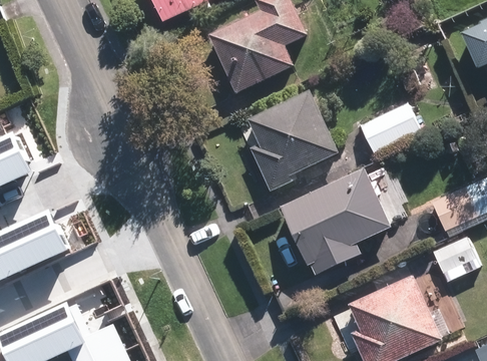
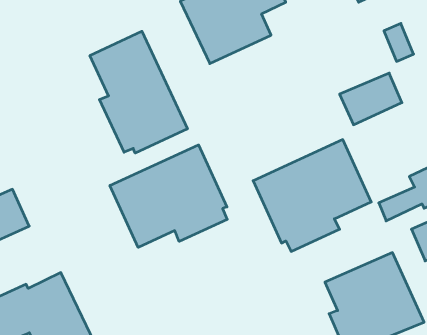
building: none -> [90,31,187,153]
building: [247,90,339,193] -> none
building: none -> [110,145,227,247]

